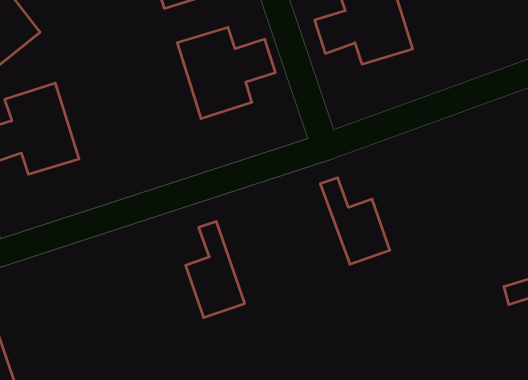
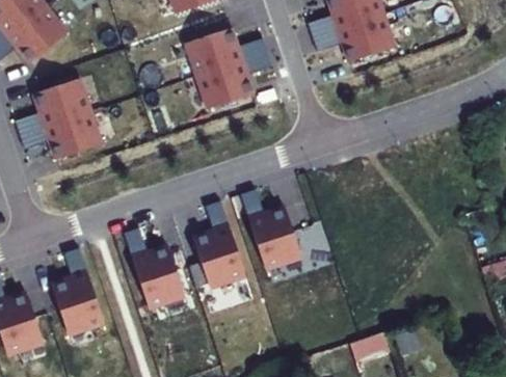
building: [320,178,390,264] -> [239,189,300,265]
building: none -> [123,228,184,305]
building: none -> [52,247,104,331]

